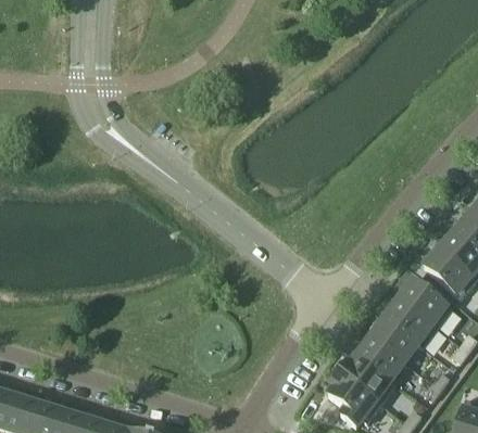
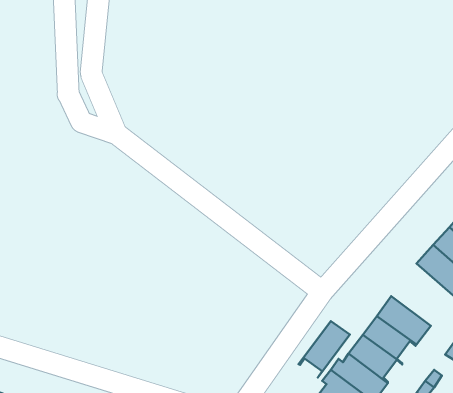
building: [398,276,451,324] -> none
building: none -> [299,321,350,377]

